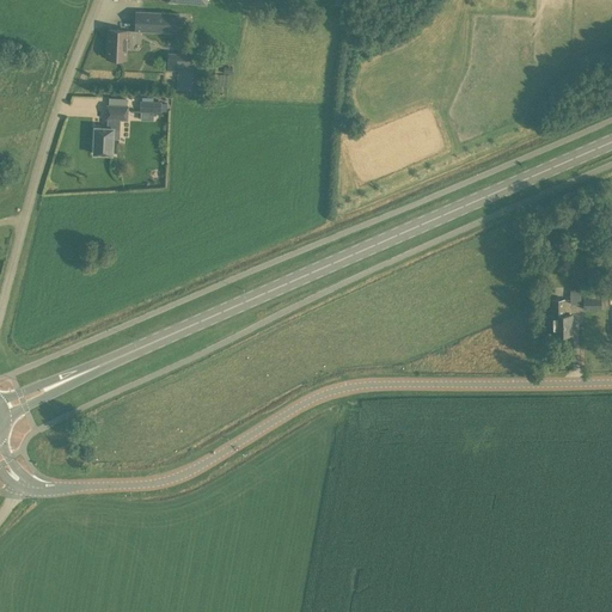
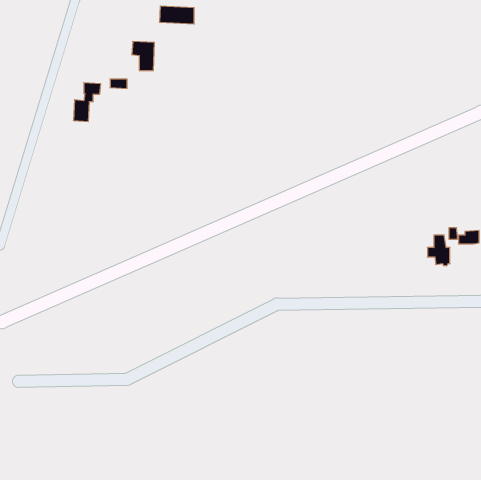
building: [134,12,178,35] -> [159,6,194,24]
building: [106,31,127,60] -> none

